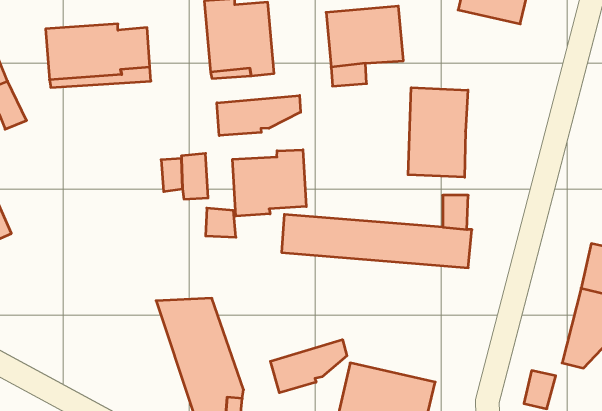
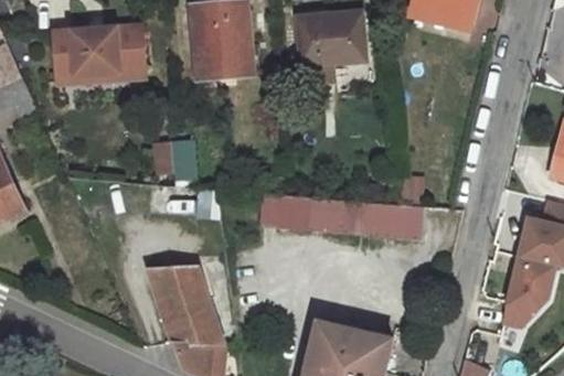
building: [408,88,468,177] -> none
building: [217,95,301,136] -> none
building: [233,150,306,216] -> none
building: [270,340,347,393] -> none

